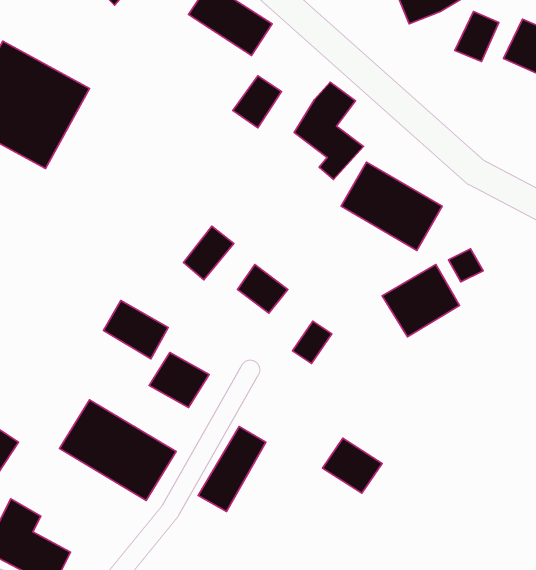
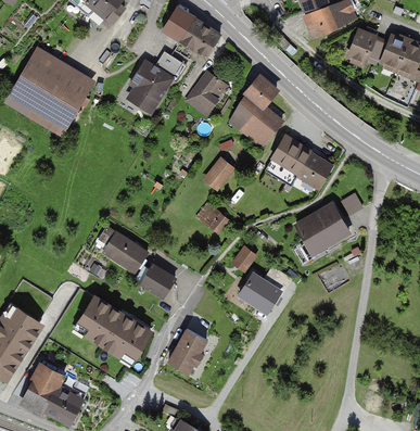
building: none -> [130,54,186,112]
building: [184,226,234,280] -> [206,152,241,189]
building: [322,438,382,493] -> [239,274,280,312]

